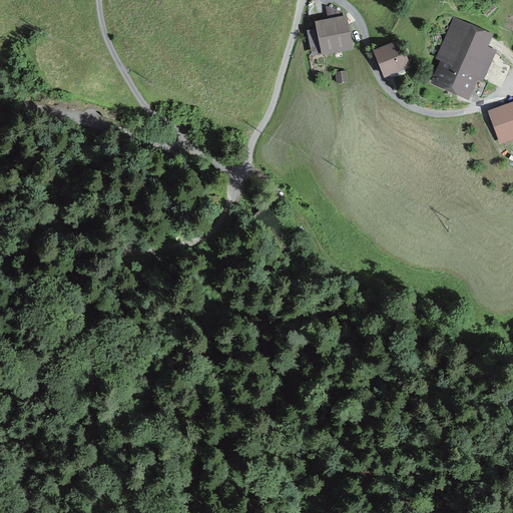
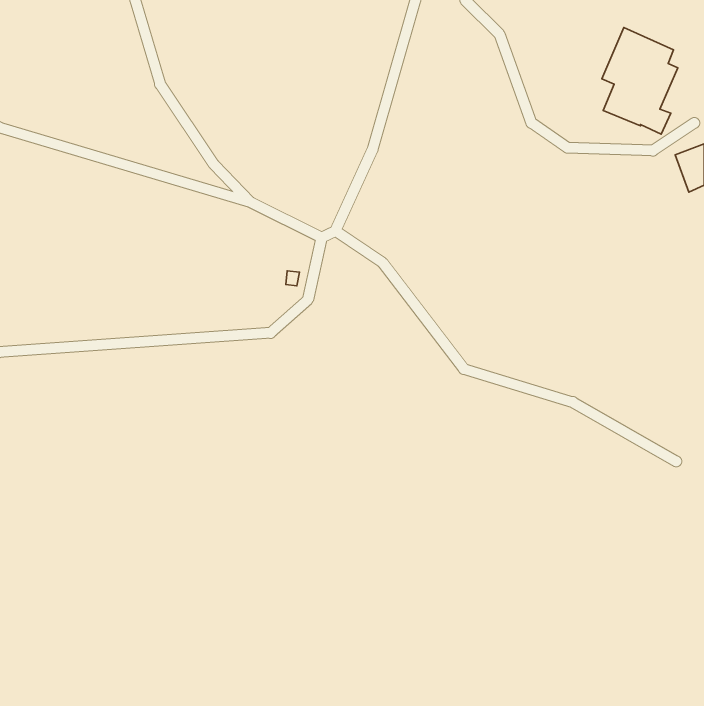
building: [309,20,347,51] -> none
building: [380,46,404,73] -> none

